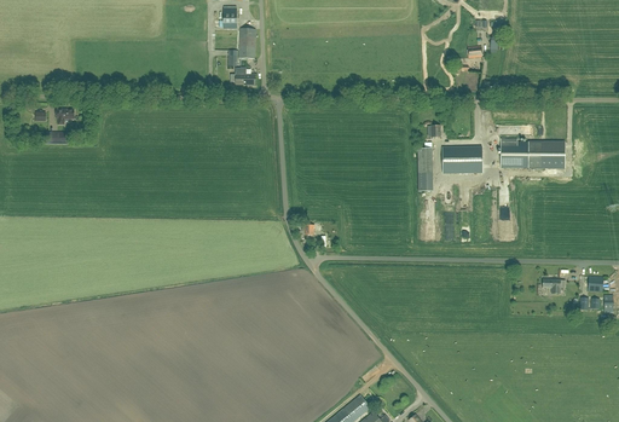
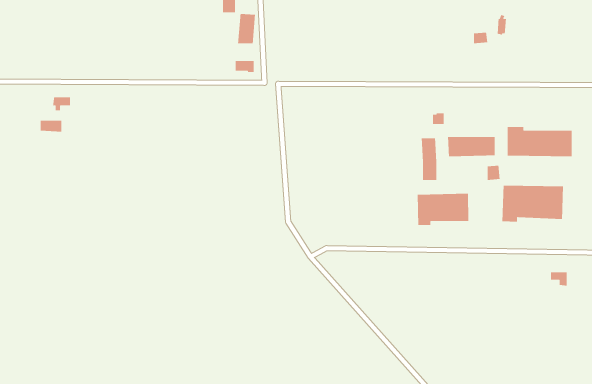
building: none -> [502,185,564,223]
building: none -> [417,193,469,226]

